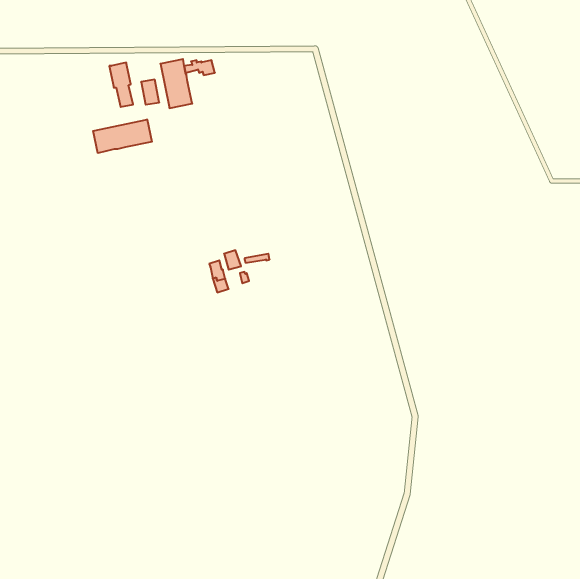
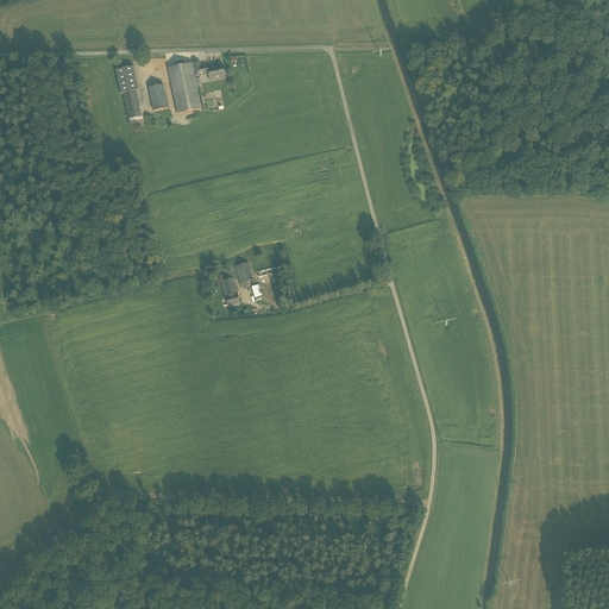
building: [93,119,152,153] -> none

